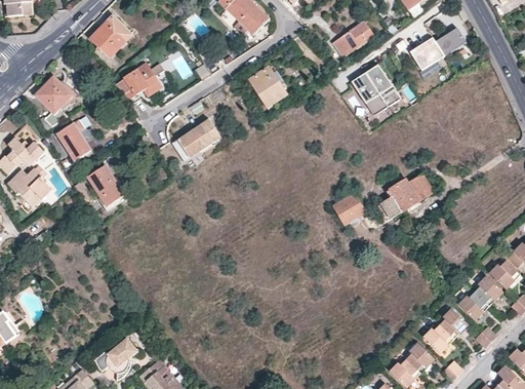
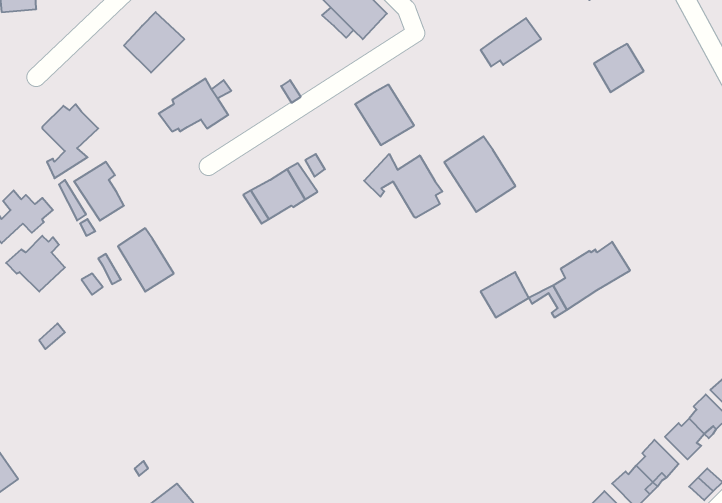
building: [435,28,467,56] -> none
building: [352,65,400,116] -> [444,136,515,212]
building: none -> [364,154,442,218]

